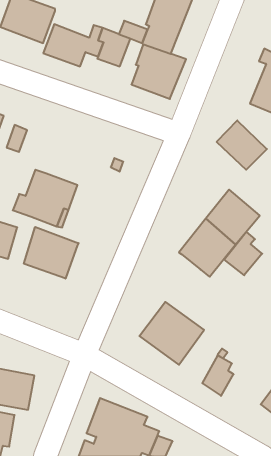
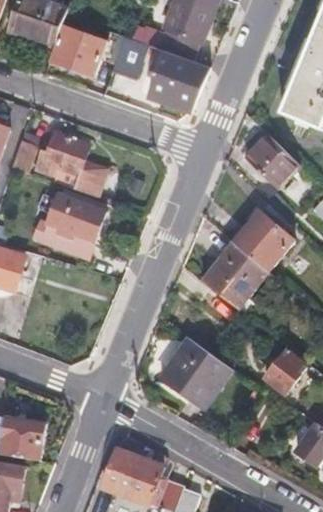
building: none -> [34,131,101,194]
building: [24,227,79,279] -> none
building: [224,232,262,275] -> none
building: [202,355,234,396] -> [263,351,298,396]

